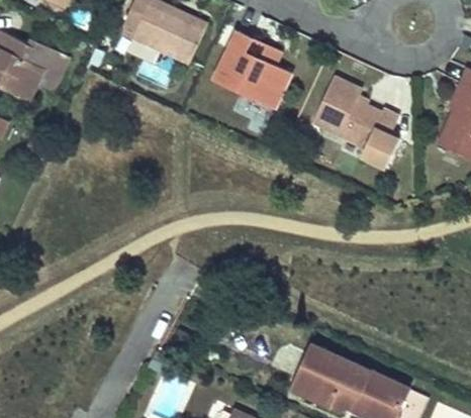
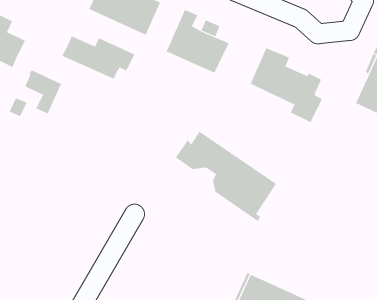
building: [26,38,71,92] -> [24,69,62,114]
building: none -> [62,35,135,80]
building: none -> [175,131,277,222]

